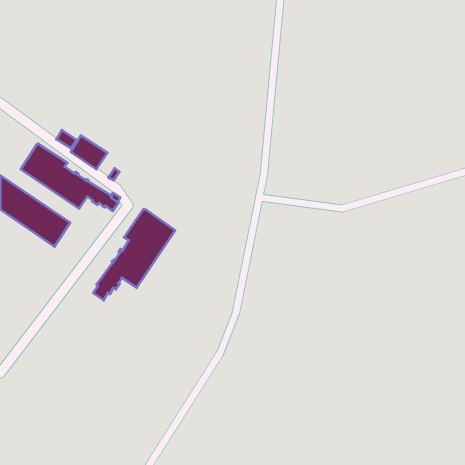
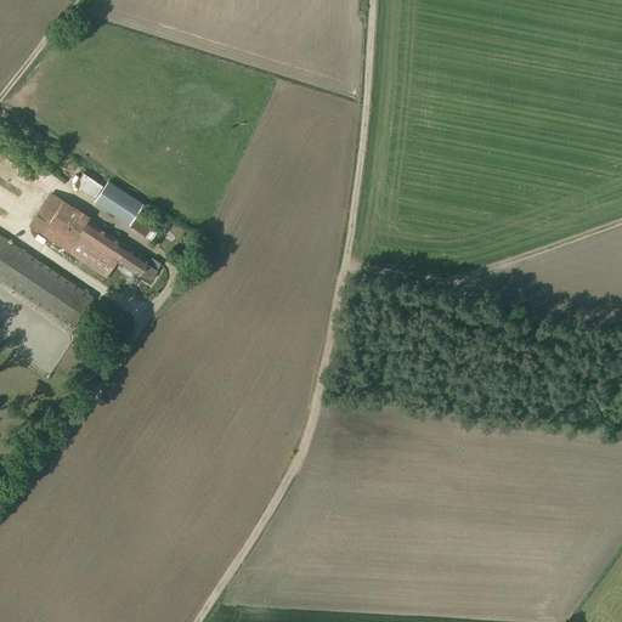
building: [94,209,175,300] -> none

